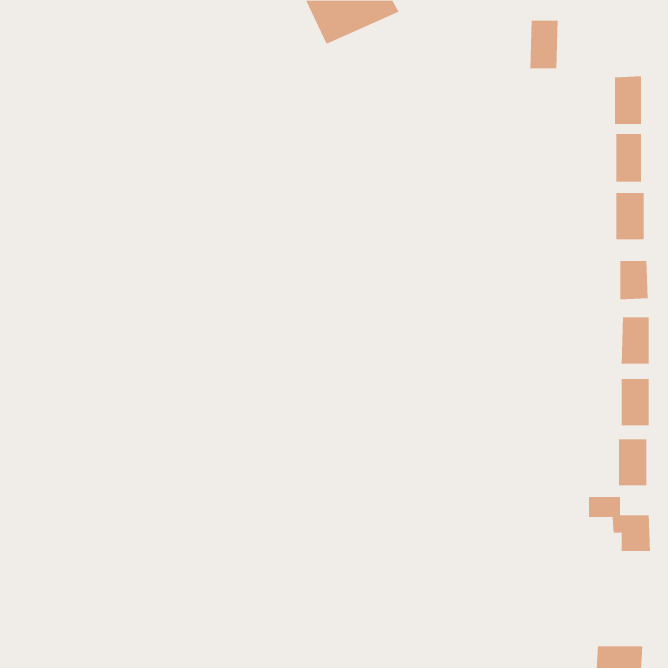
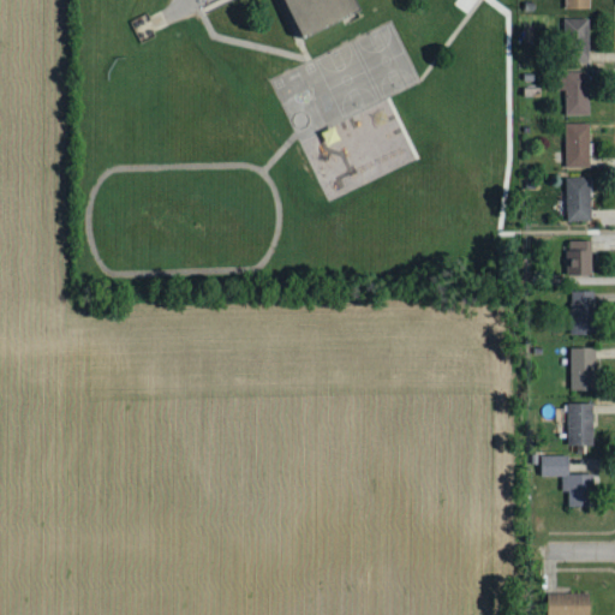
building: [530,20,558,69] -> [563,18,590,62]

